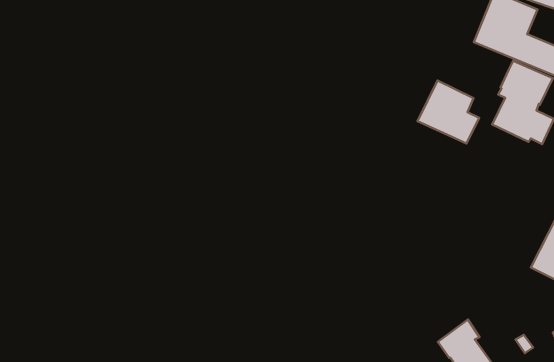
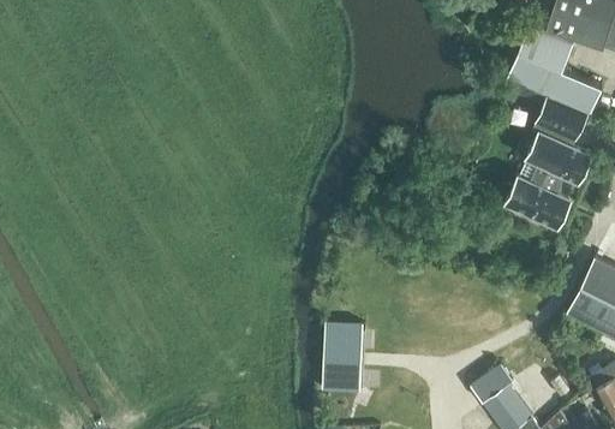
building: [418,81,479,143] -> [506,161,569,226]
building: none -> [322,321,363,391]

